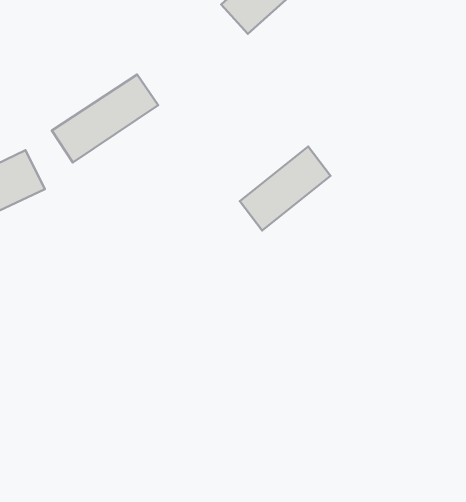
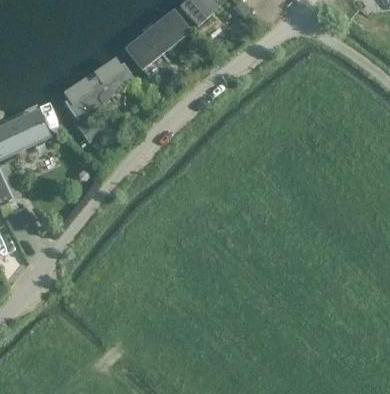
building: [240,147,331,230] -> [124,7,189,67]

